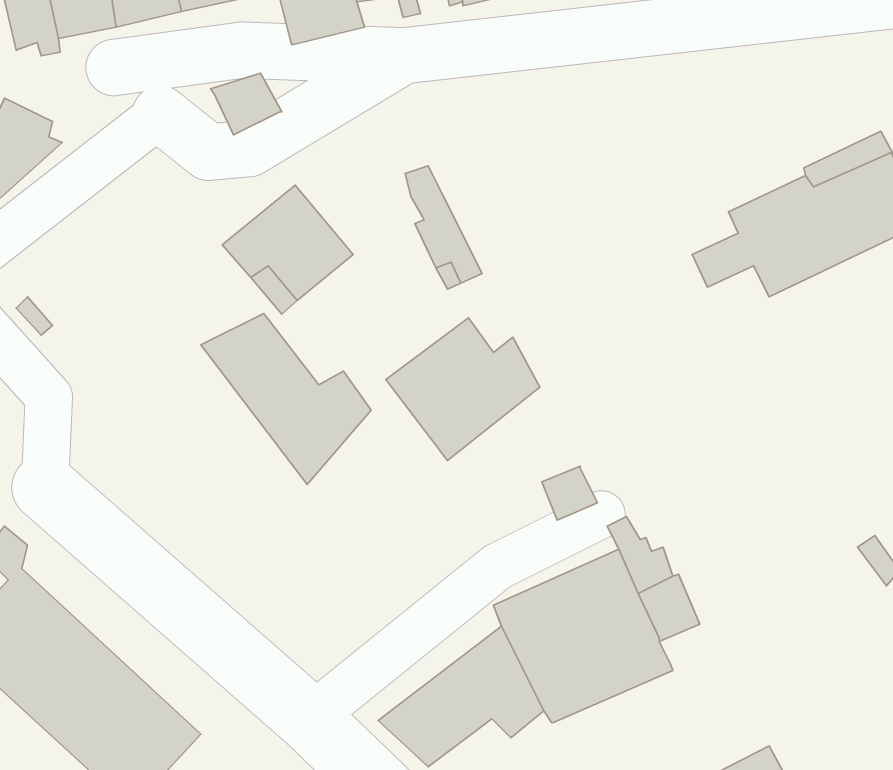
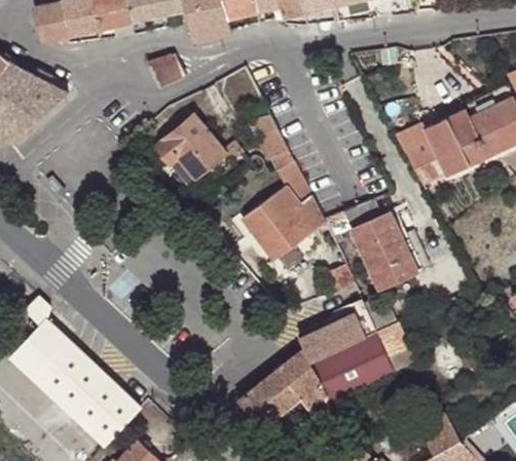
building: [201,313,371,484] -> none
building: none -> [323,198,417,287]

